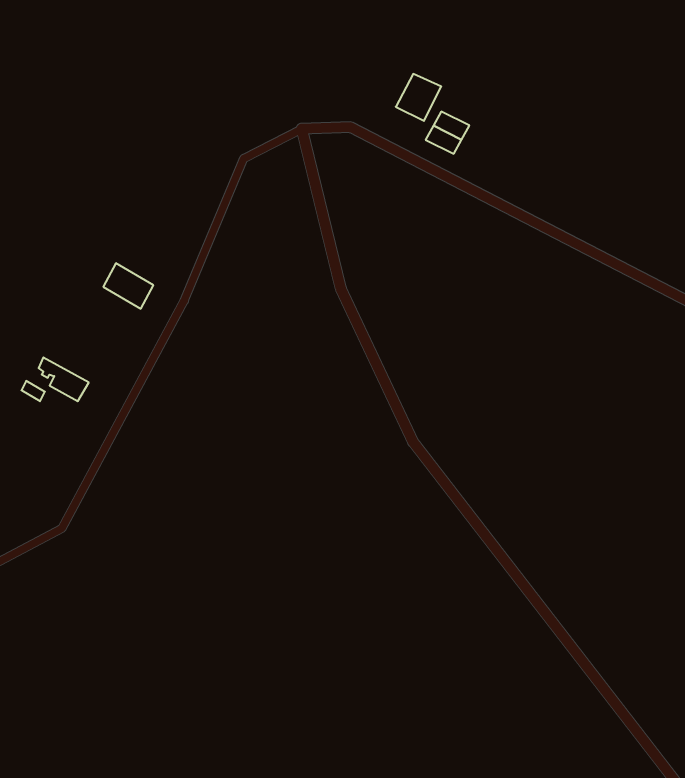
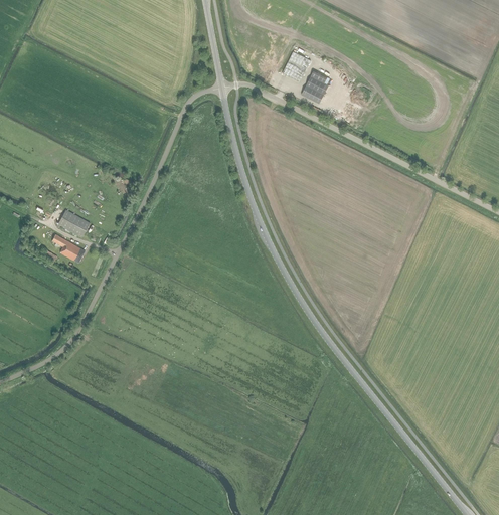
building: [103,263,153,309] -> [57,208,90,237]

